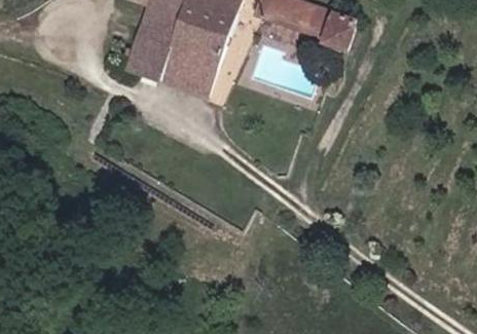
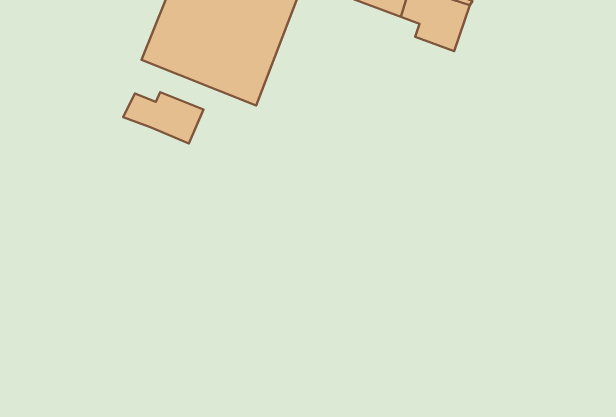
building: none -> [123,92,204,143]

